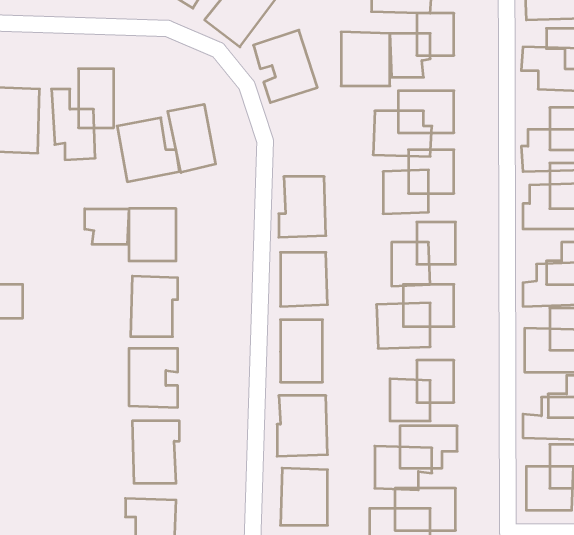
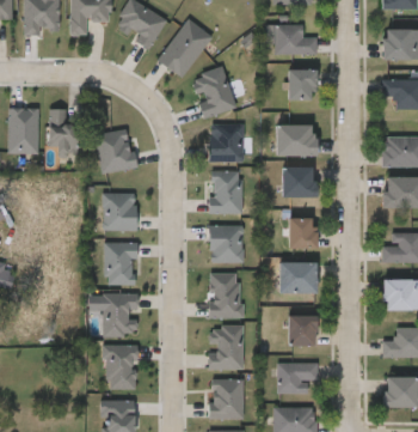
building: [341,32,390,86] -> [209,123,244,162]
building: [168,104,216,173] -> none
building: [85,209,129,244] -> none

